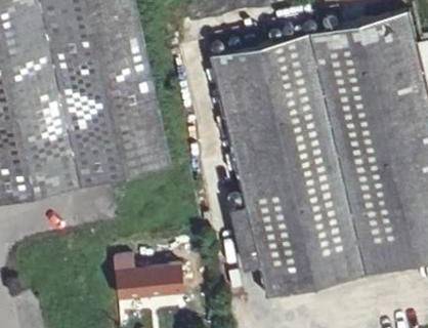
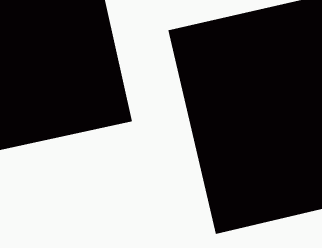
building: [115,253,204,300] -> none

